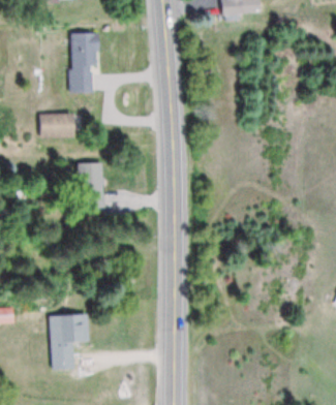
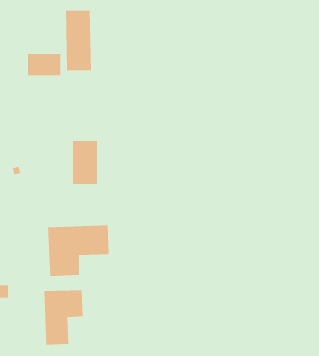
building: [41,115,75,137] -> [27,53,61,76]
building: none -> [48,225,109,277]

